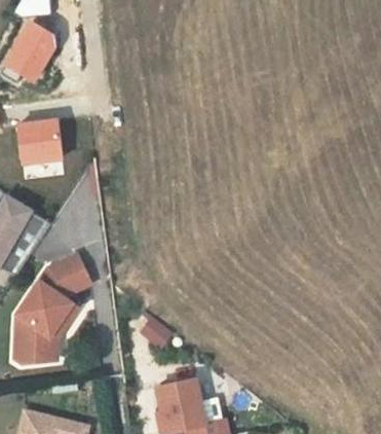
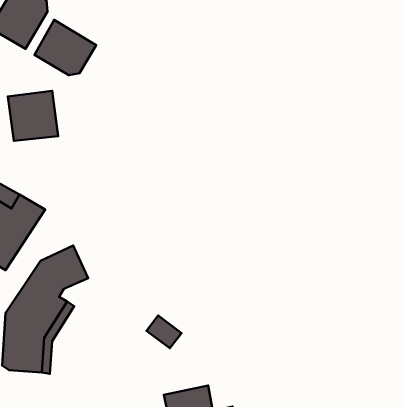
building: none -> [34,20,96,75]

